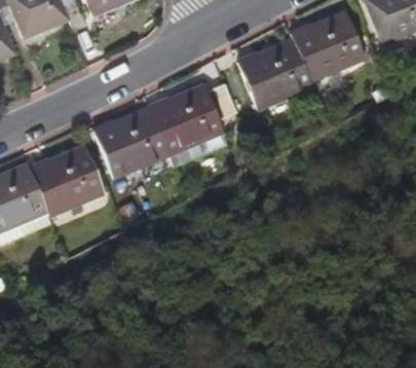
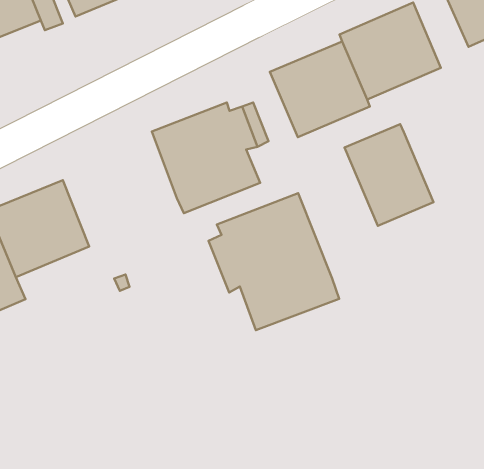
building: none -> [344,124,434,226]
building: [96,104,168,176] -> none
building: none -> [209,193,339,330]

